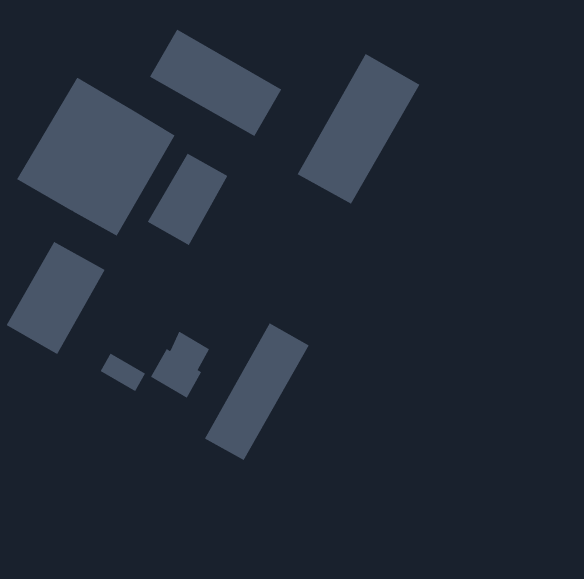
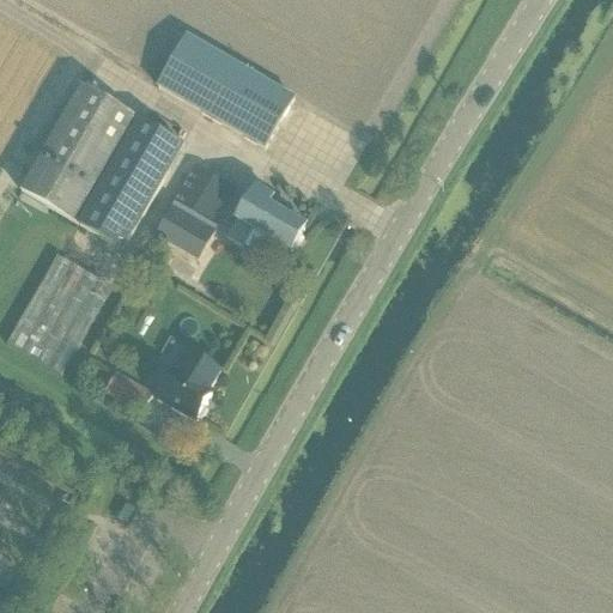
building: [297,53,420,205] -> none
building: none -> [227,182,304,245]
building: [204,323,310,461] -> none

